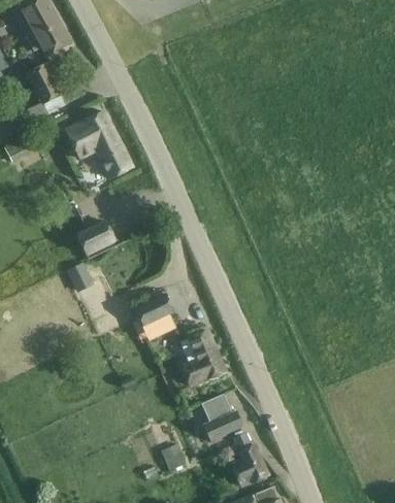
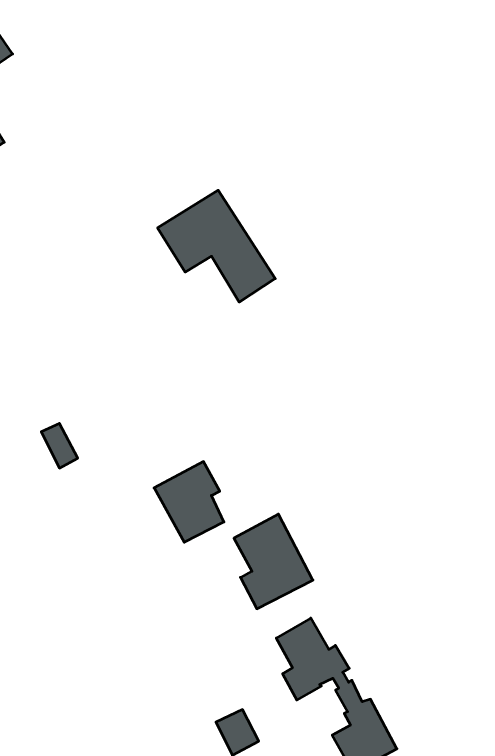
building: [66,110,134,178] -> [158,190,275,302]
building: [74,221,116,258] -> none

